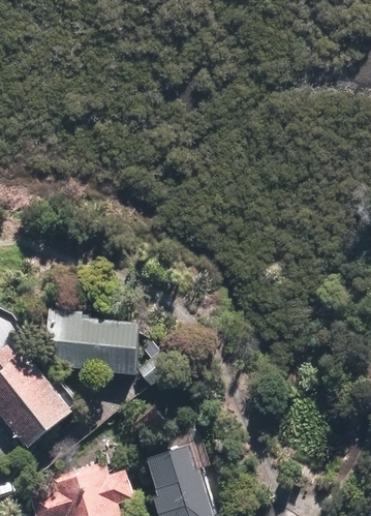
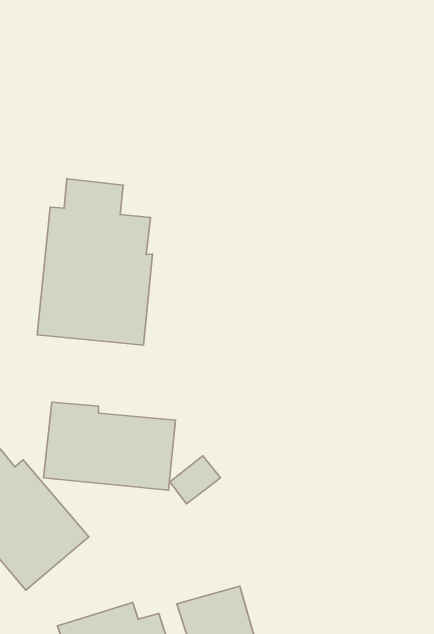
building: none -> [37,179,153,345]

